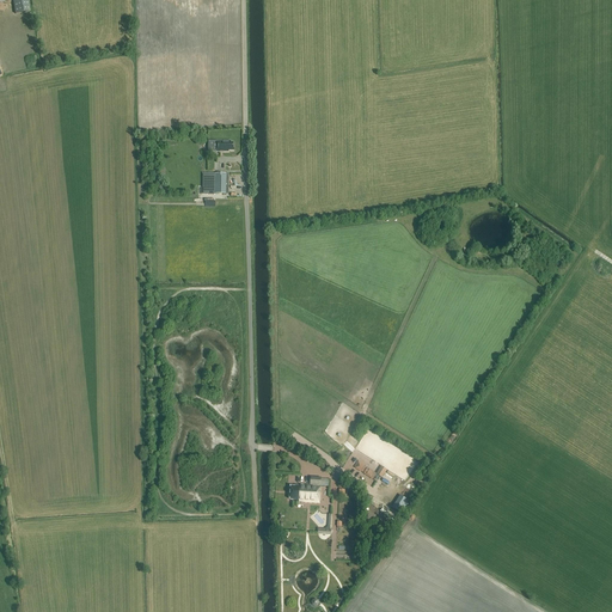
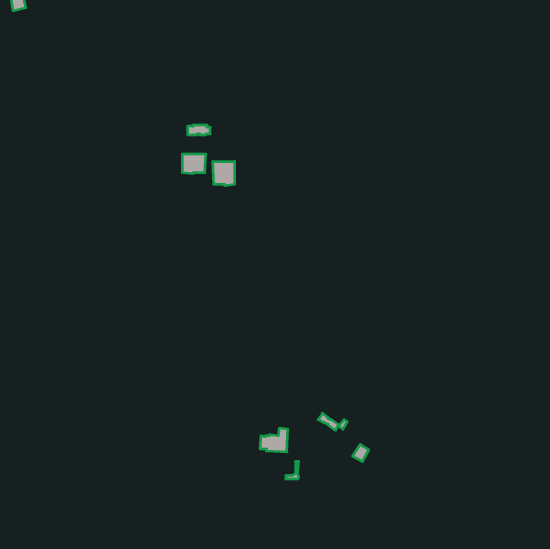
building: none -> [213,161,235,186]

